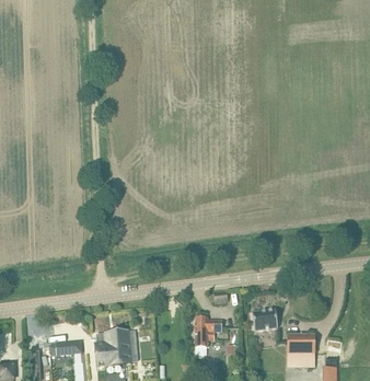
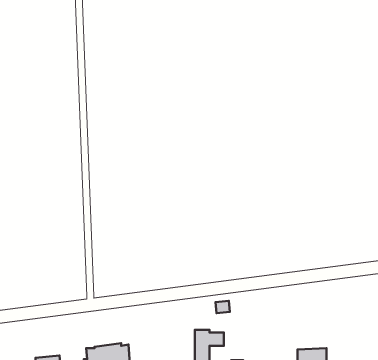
building: [252,310,277,331] -> none

